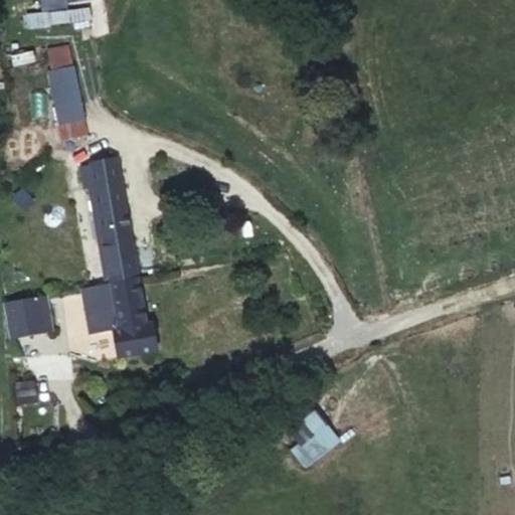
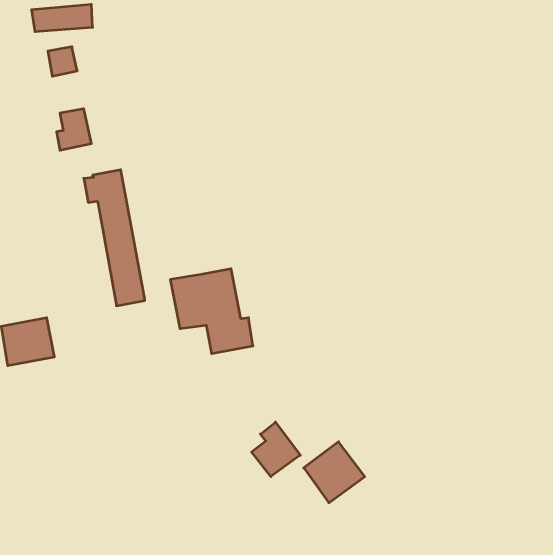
building: [48,65,77,105] -> none
building: [77,278,154,356] -> [170,269,253,354]
building: none -> [252,422,300,477]

